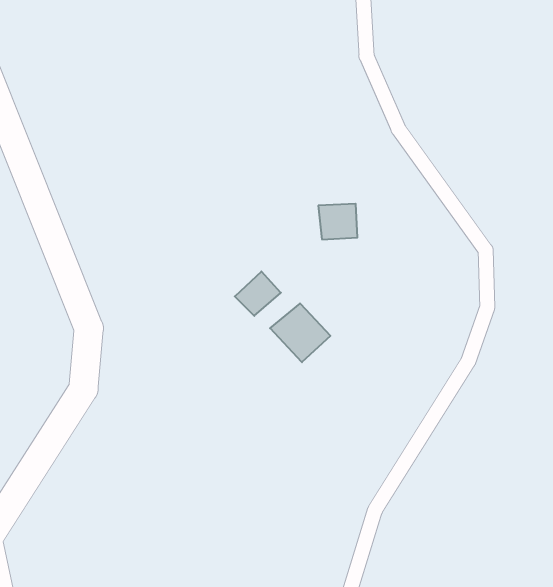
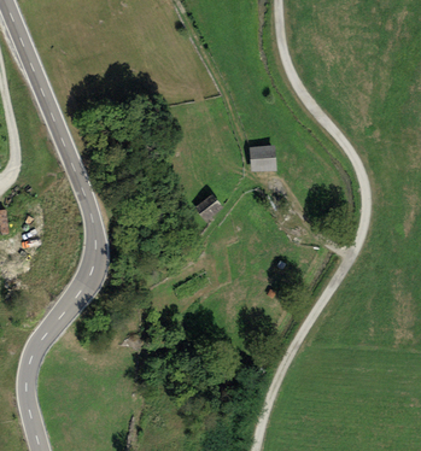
building: [270,303,330,362] -> none

